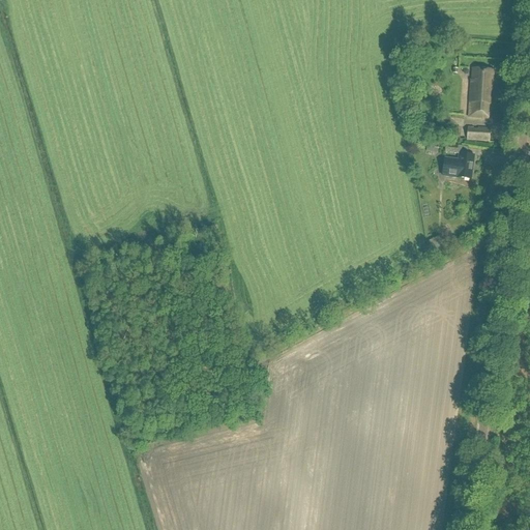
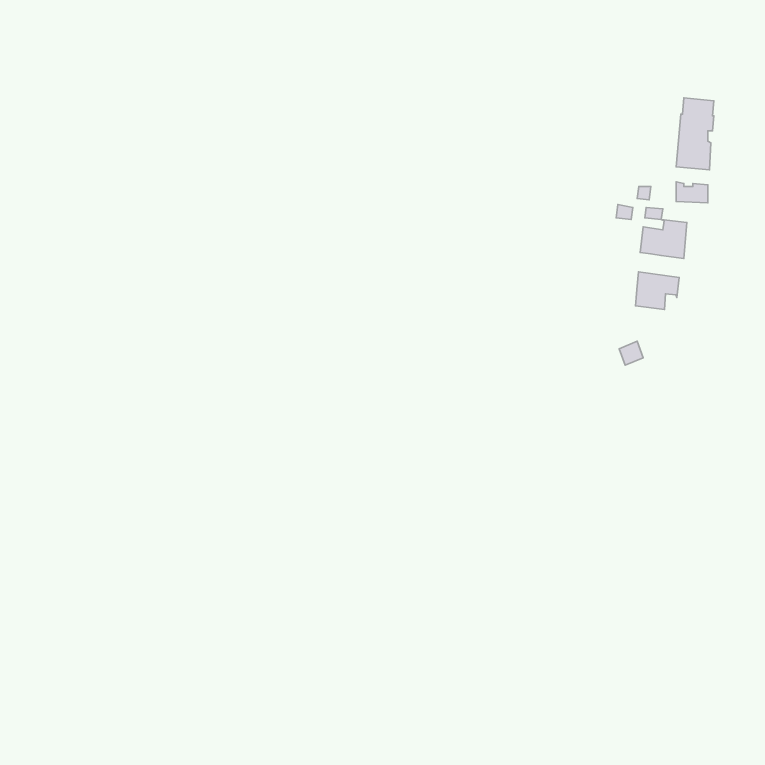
building: none -> [635,272,679,309]

